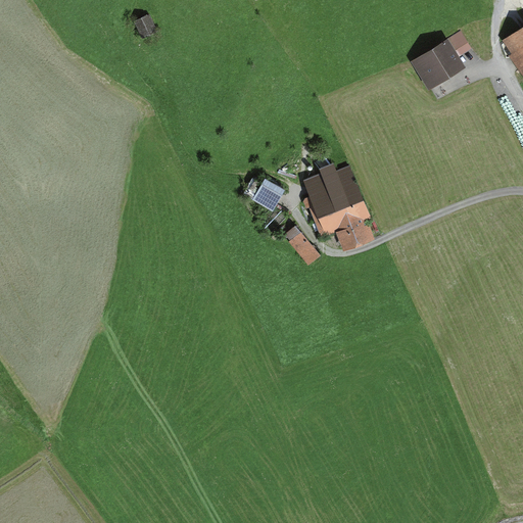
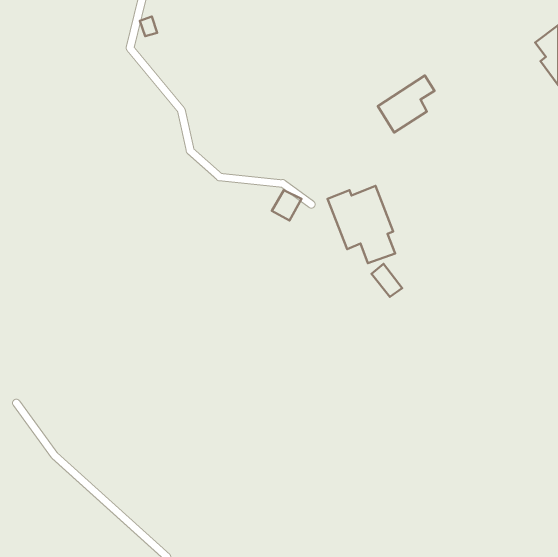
building: [416,33,469,86] -> [378,76,435,132]
building: [290,230,319,260] -> [371,264,402,297]

